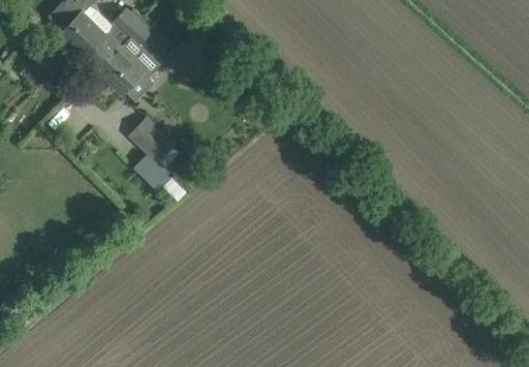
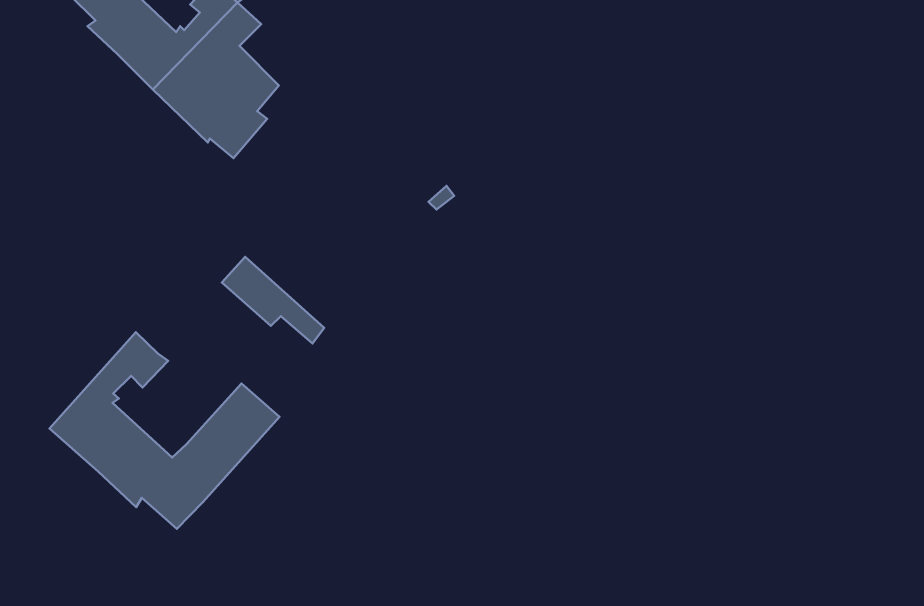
building: [129,117,175,162] -> none
building: none -> [49,332,279,529]

